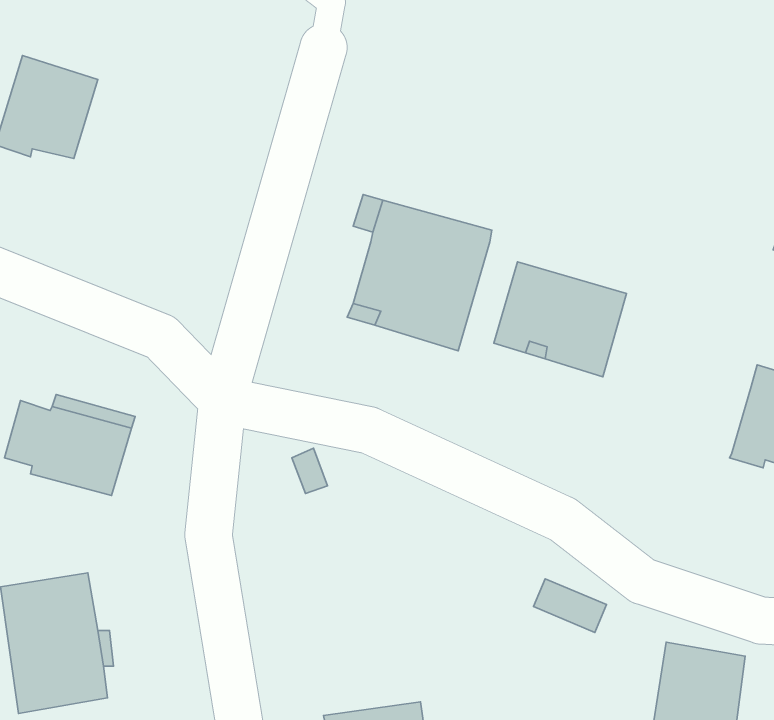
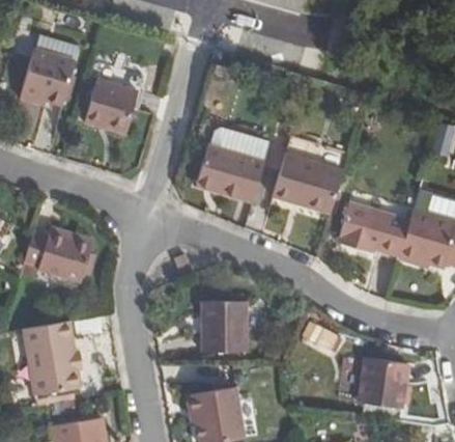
building: none -> [82,76,136,131]
building: none -> [341,203,413,257]
building: none -> [205,300,249,351]

